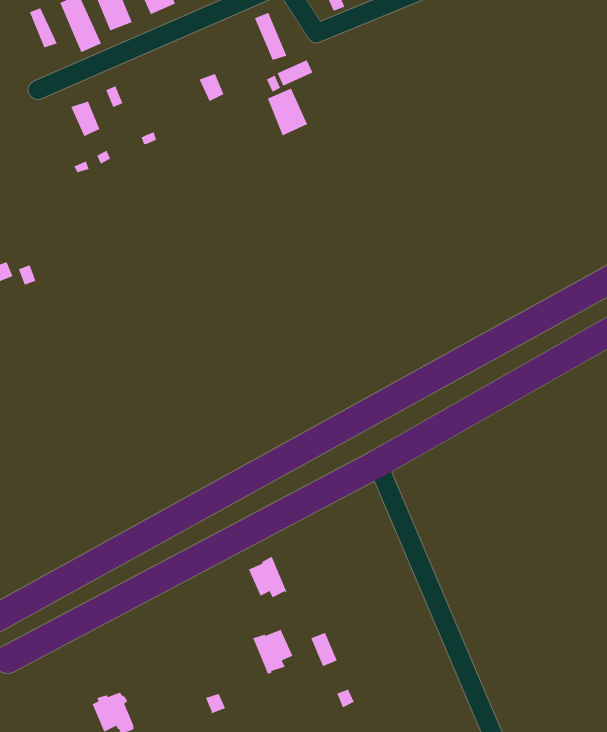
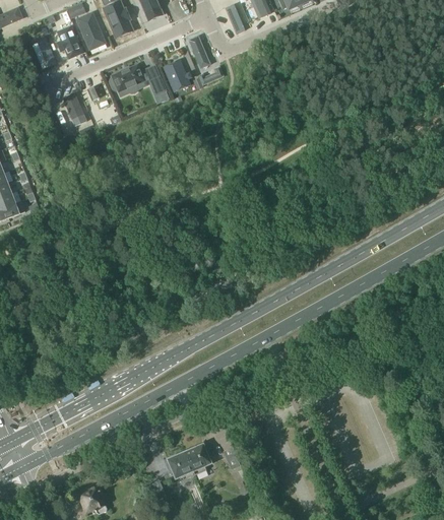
building: none -> [109,64,147,91]
building: [267,88,308,137] -> [163,59,190,91]
building: [248,555,288,598] -> [167,450,193,478]

